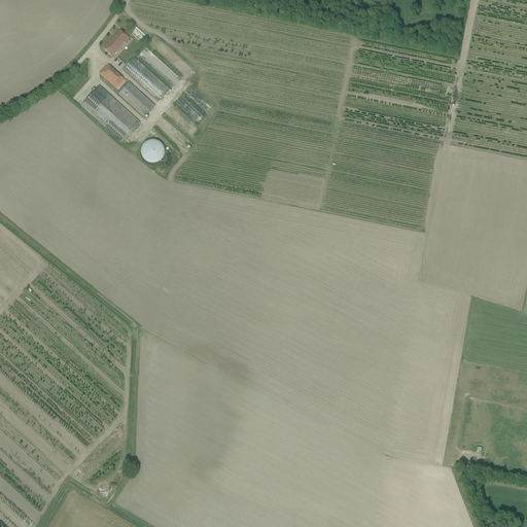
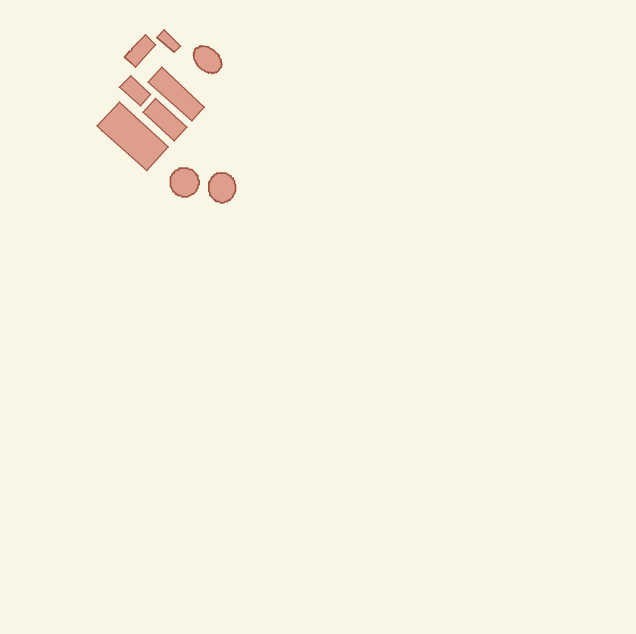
building: none -> [193,46,222,74]
building: none -> [209,173,236,203]

